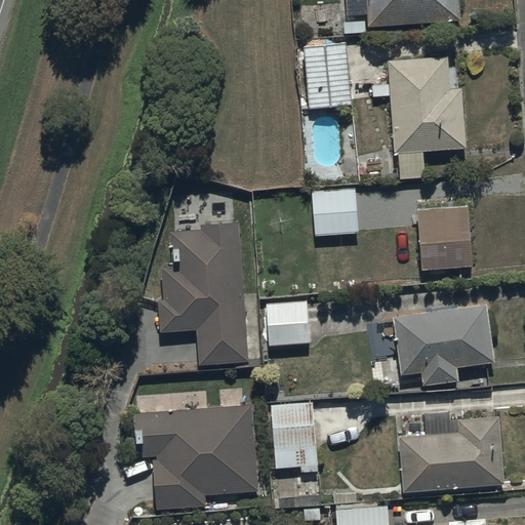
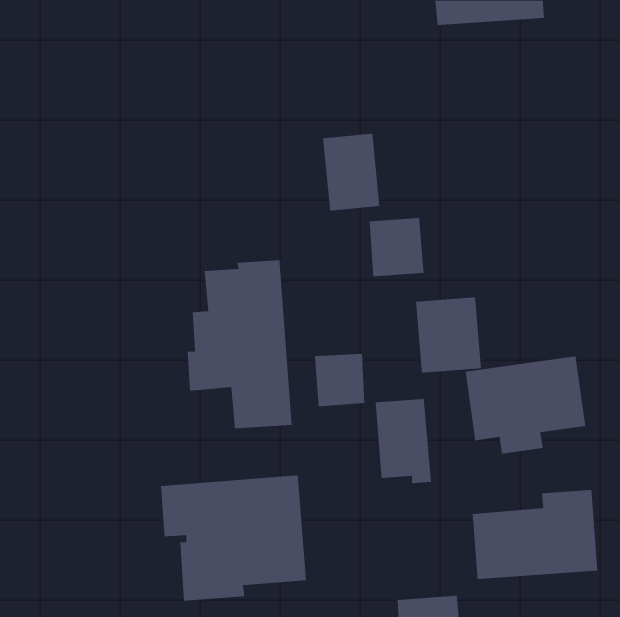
building: [302,42,352,108] -> [322,133,380,211]
building: [388,55,467,153] -> none
building: [416,205,473,270] -> [415,297,482,373]
building: [270,402,318,474] -> [375,398,432,483]

